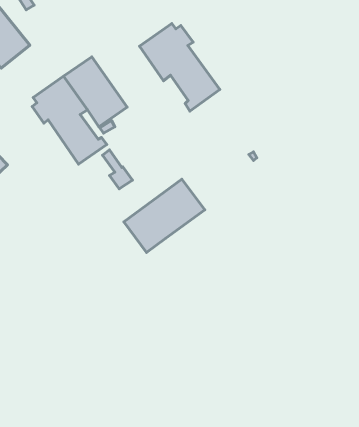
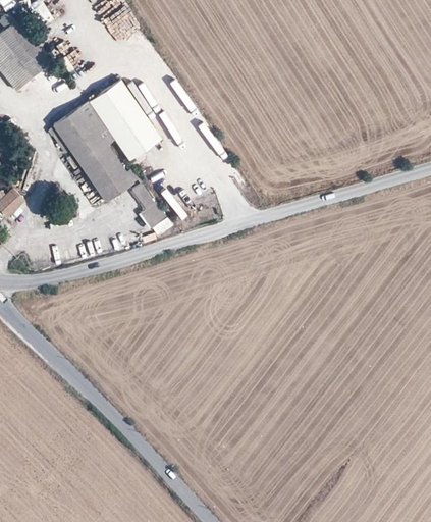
building: [139,23,220,111] -> none
building: [124,179,205,252] -> none

